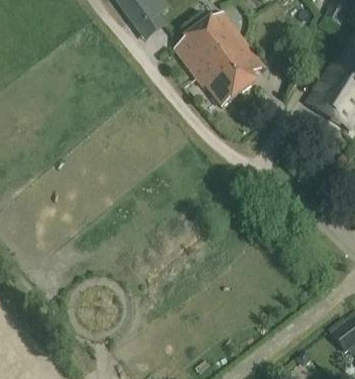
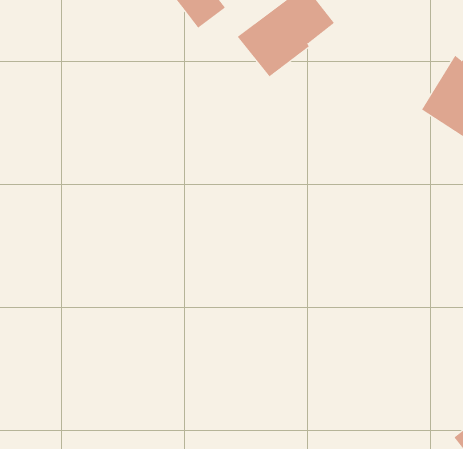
building: [197,35,264,104] -> none

